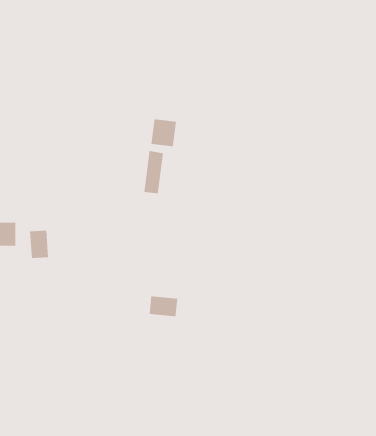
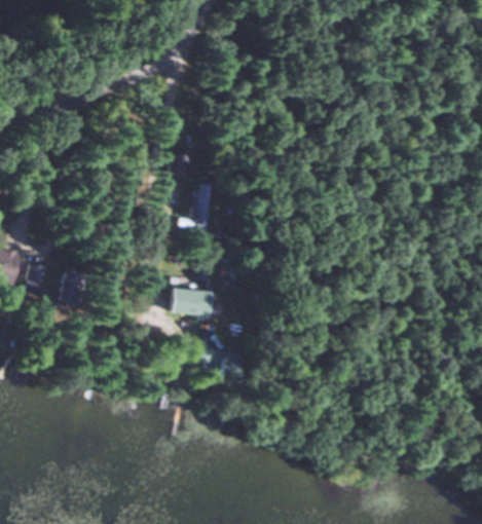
building: [151,119,176,147] -> none
building: none -> [168,288,208,314]

